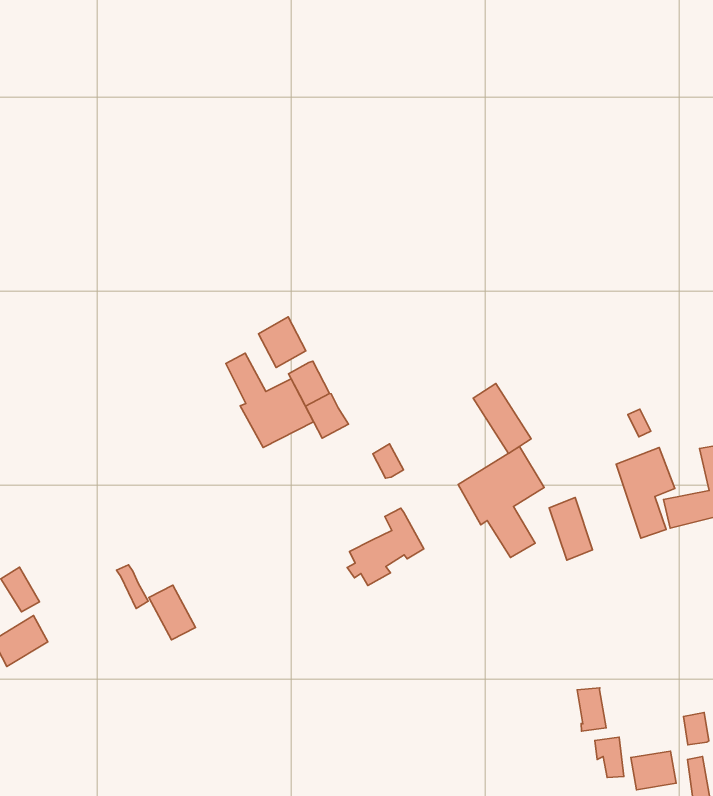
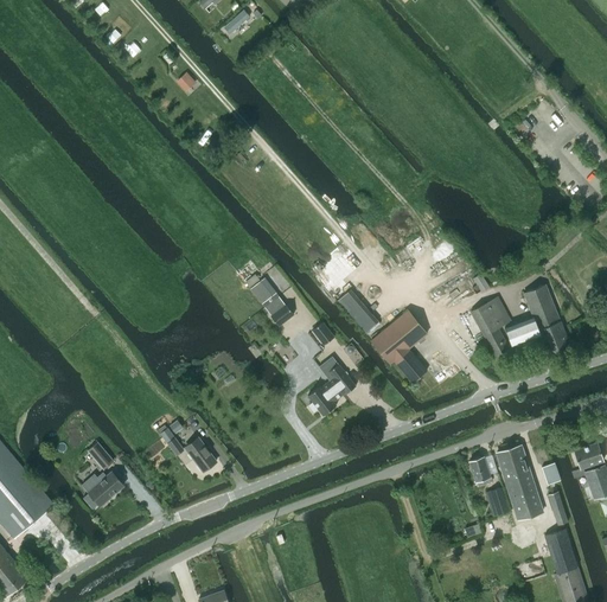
building: [259,317,306,368] -> none
building: [226,353,314,448] -> none
building: [473,383,531,453] -> [337,289,378,333]
building: [549,497,593,560] -> none
building: none -> [497,444,536,499]

